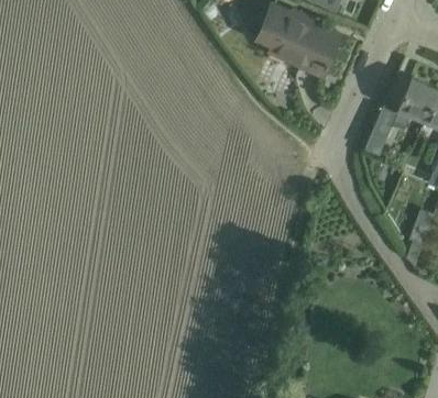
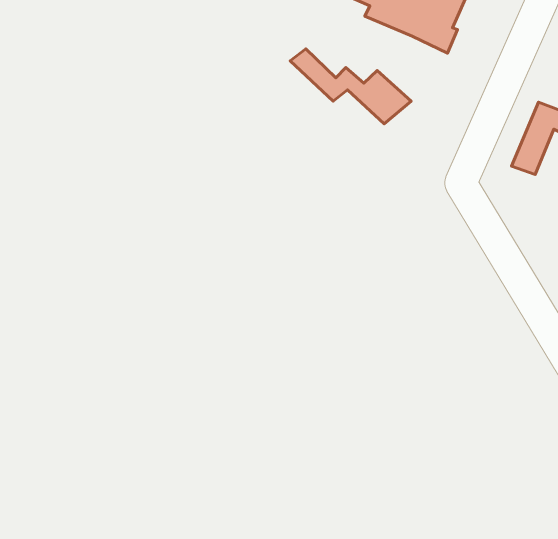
building: none -> [290,49,411,124]

